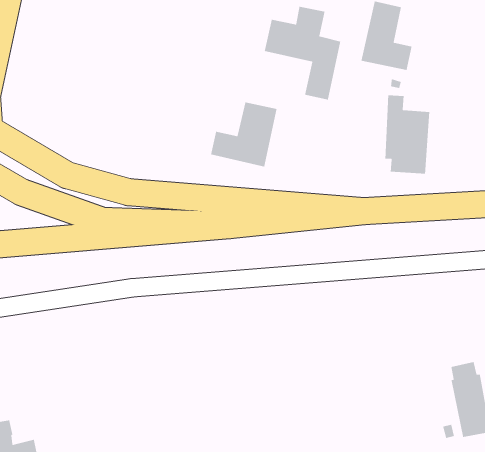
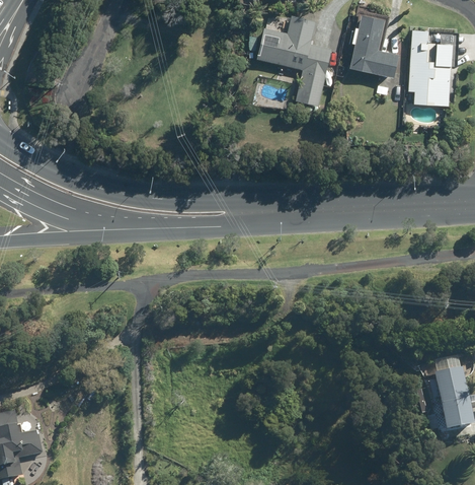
building: [384,95,430,174] -> [408,30,452,107]
building: [210,101,277,167] -> none

